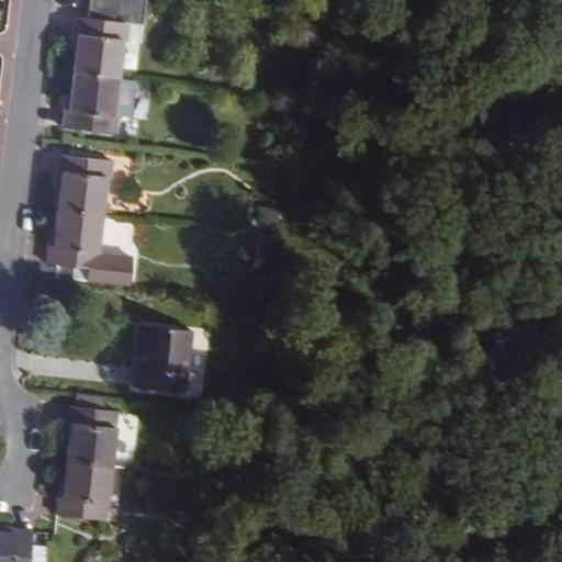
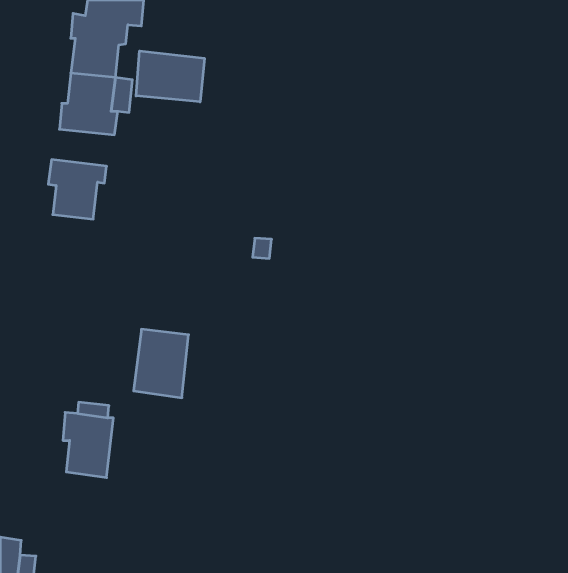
building: none -> [136,51,204,102]
building: [44,211,131,285] -> none
building: [57,462,110,522] -> none

